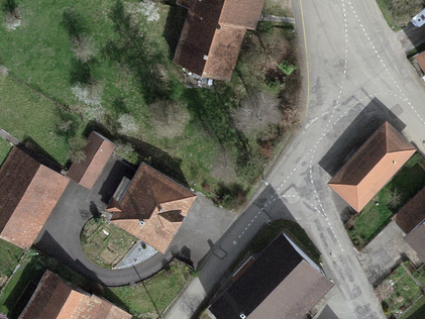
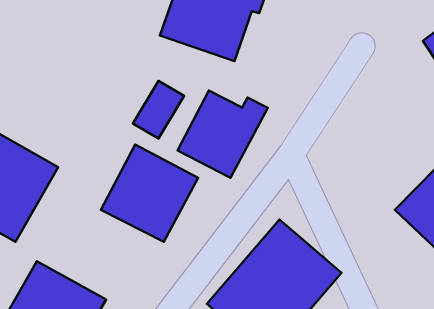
building: none -> [177,91,268,178]
building: [323,121,410,212] -> none
building: [65,130,113,185] -> [133,81,184,138]

